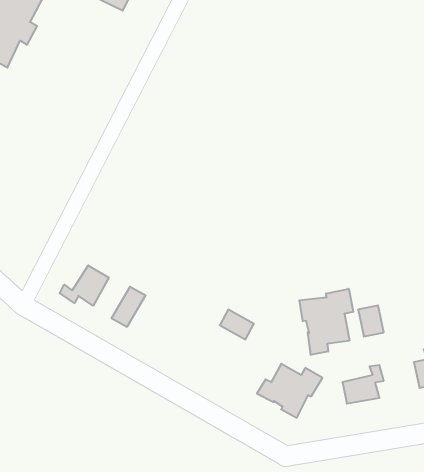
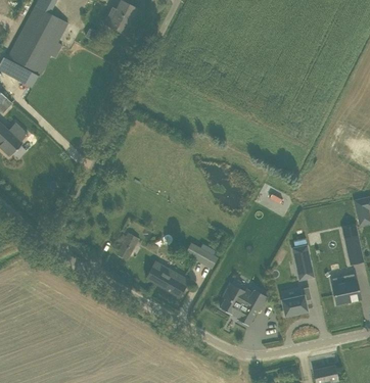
building: [60,265,109,306] -> none
building: [299,289,353,355] -> none
building: none -> [145,260,186,296]

